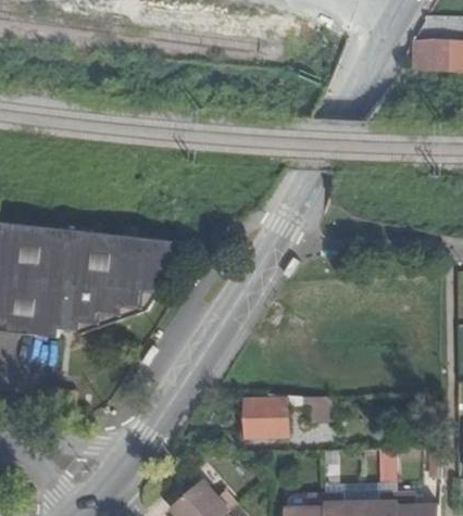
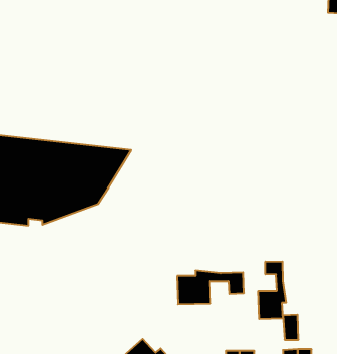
building: none -> [259,262,286,319]

